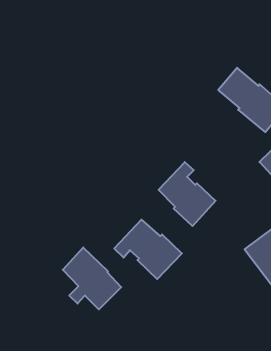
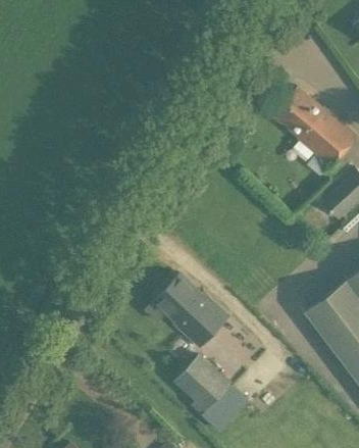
building: [159,162,216,226] -> none
building: [63,247,121,309] -> [174,354,247,431]

